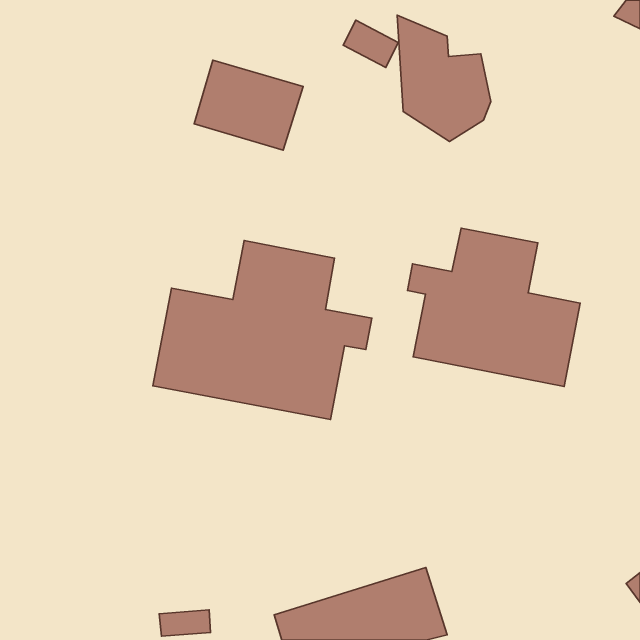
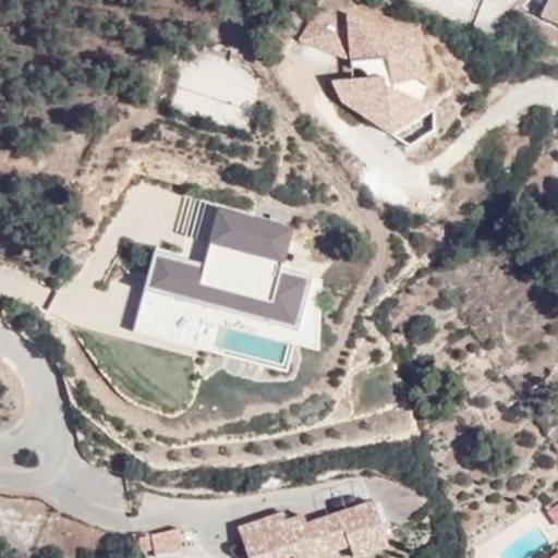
building: [408,228,580,386] -> none

